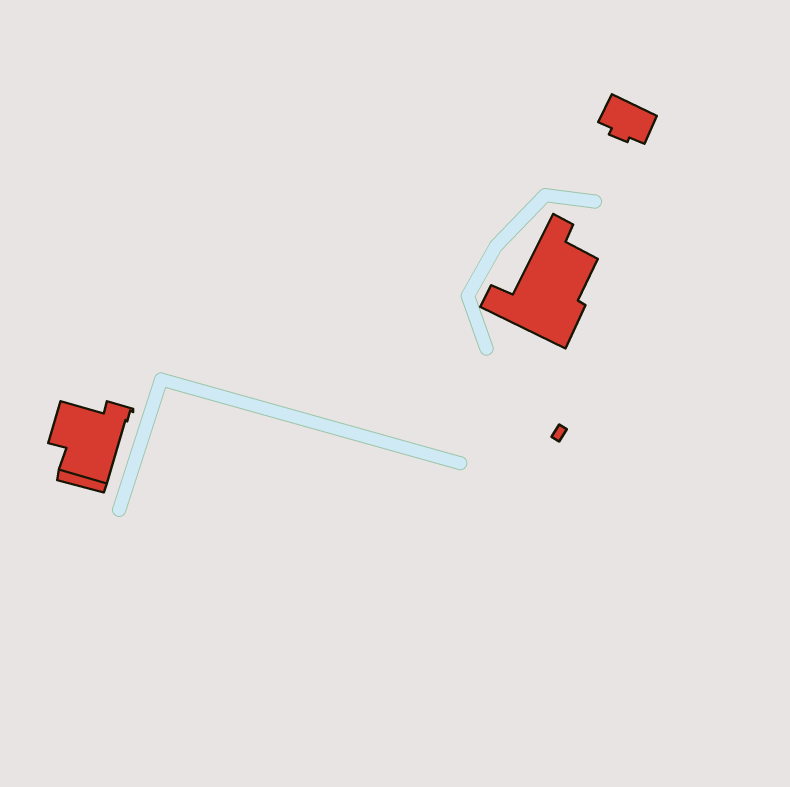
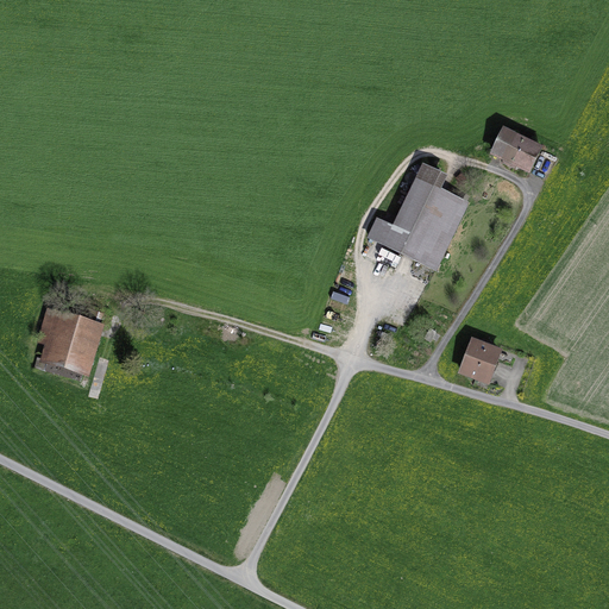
building: [598,94,657,144] -> [492,130,538,168]
building: none -> [460,338,497,379]

